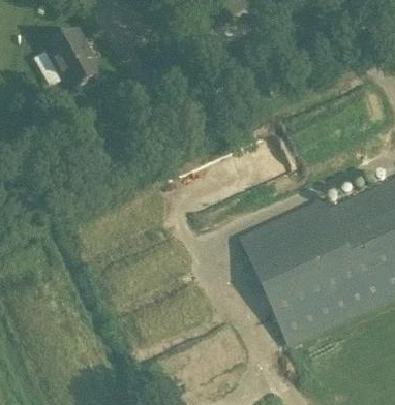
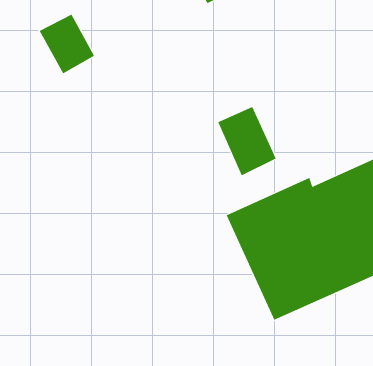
building: none -> [217,106,276,176]

